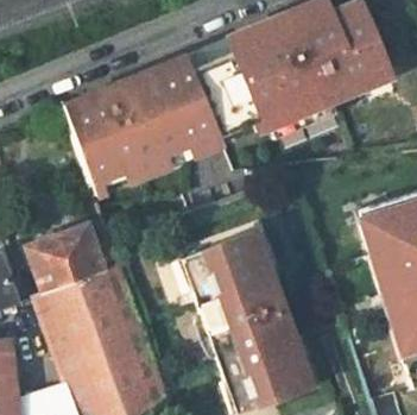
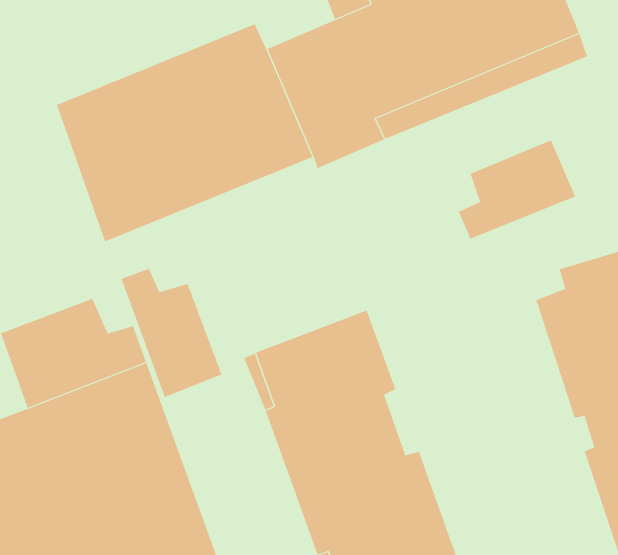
building: none -> [458,140,576,239]
building: none -> [121,268,222,398]

